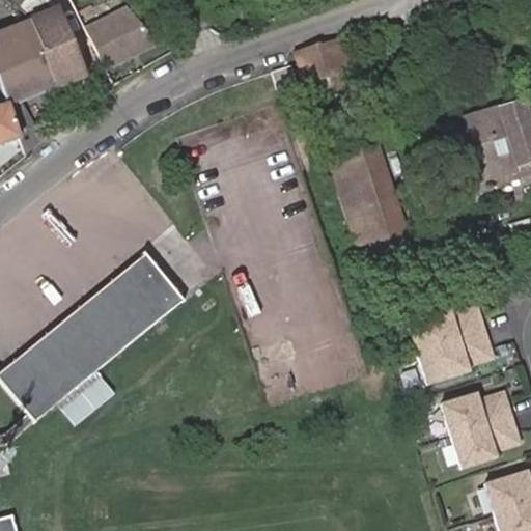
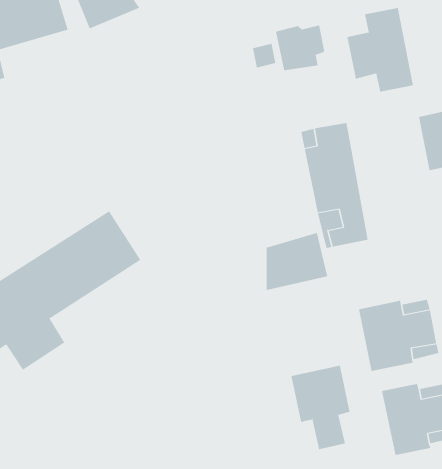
building: none -> [347,7,414,92]
building: none -> [266,232,328,291]
building: none -> [291,365,350,450]

